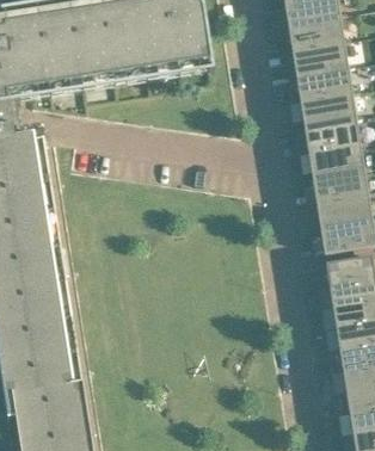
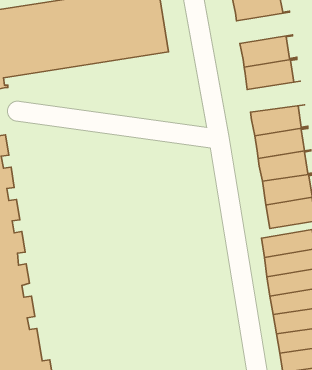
building: [288,14,350,49] -> none
building: [300,91,363,125] -> none

